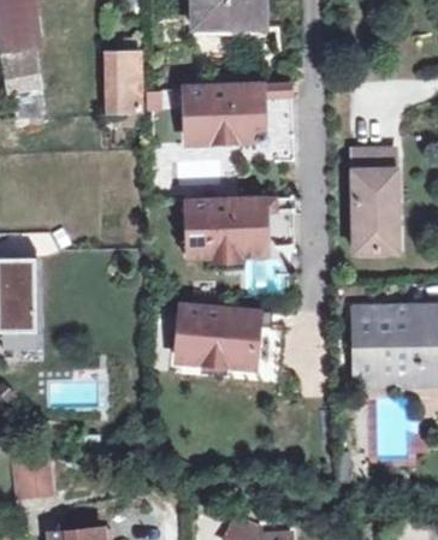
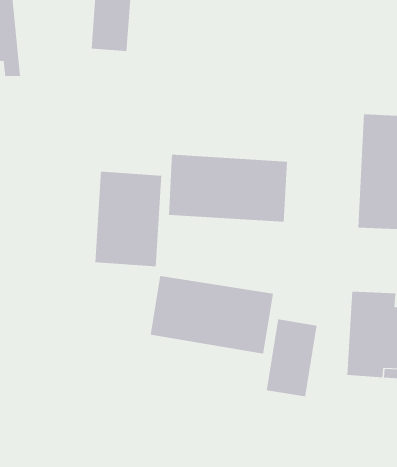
building: [182,84,286,140] -> none
building: none -> [95,171,162,267]
building: none -> [266,319,317,397]

